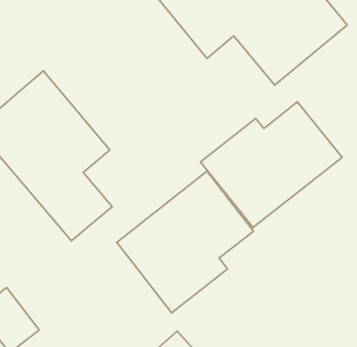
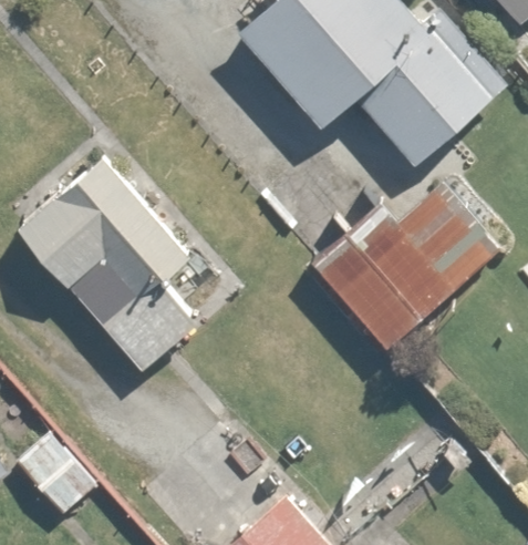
building: [117,171,253,313] -> none

